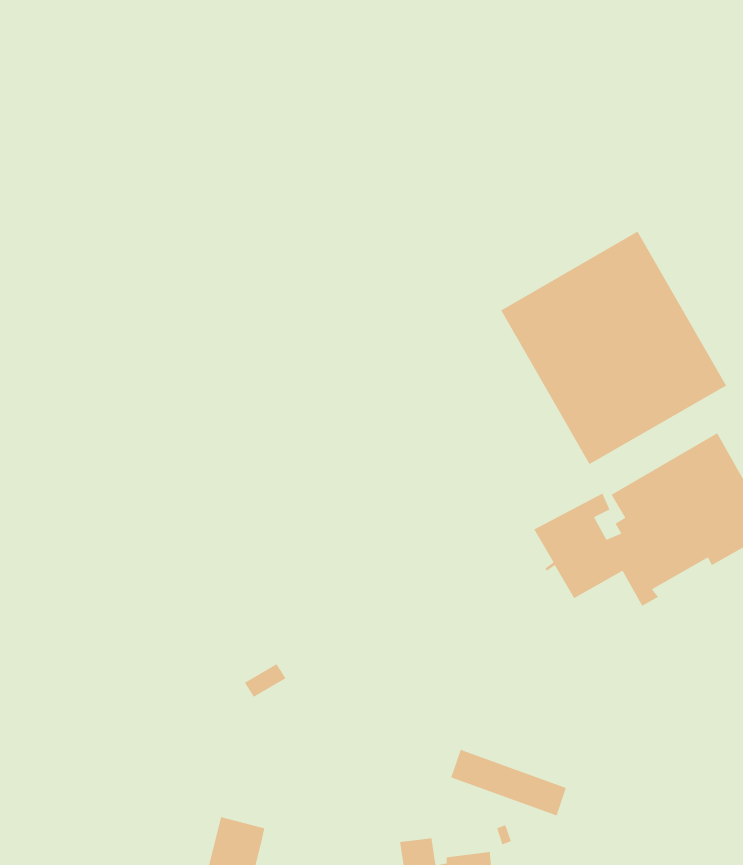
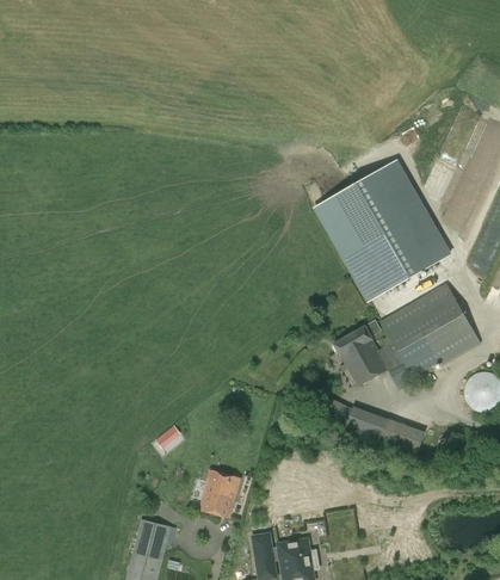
building: none -> [199,469,240,517]
building: [450,749,567,817] -> [351,406,422,448]

